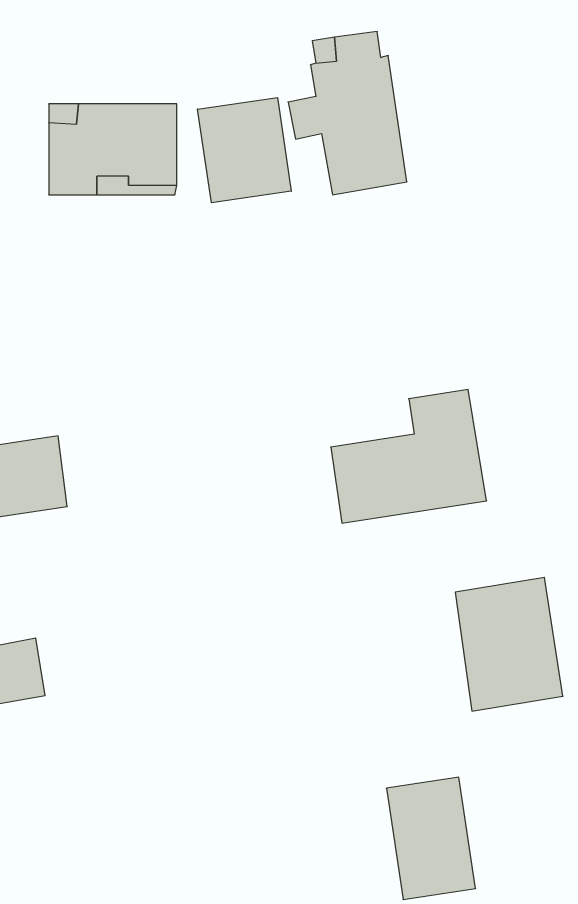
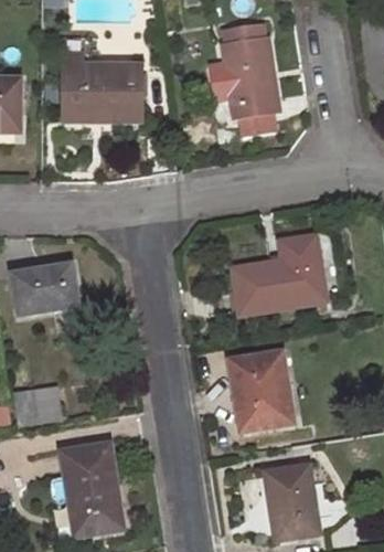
building: [198,98,291,203] -> none
building: [455,577,563,711] -> [231,351,295,431]
building: none -> [62,443,125,537]

